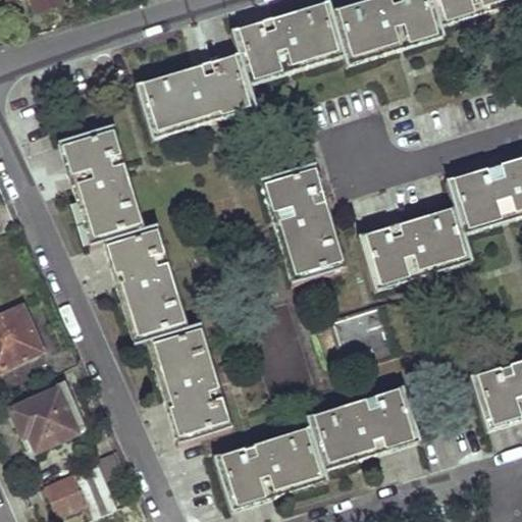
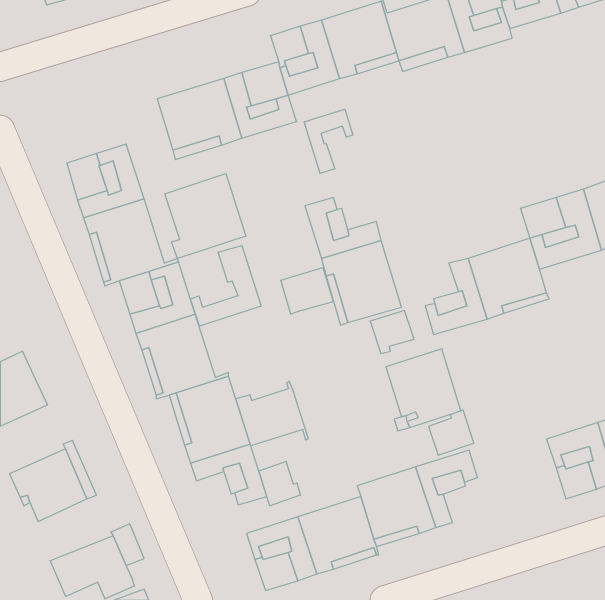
building: none -> [304,109,353,173]
building: none -> [165,174,246,258]
building: [289,161,325,197] -> none
building: none -> [190,245,261,326]
building: [358,225,396,262] -> [370,311,414,353]
building: none -> [281,268,333,314]
building: none -> [236,381,308,446]
building: [171,404,207,441] -> [259,462,301,506]
building: [382,409,421,448] -> [429,410,474,455]

